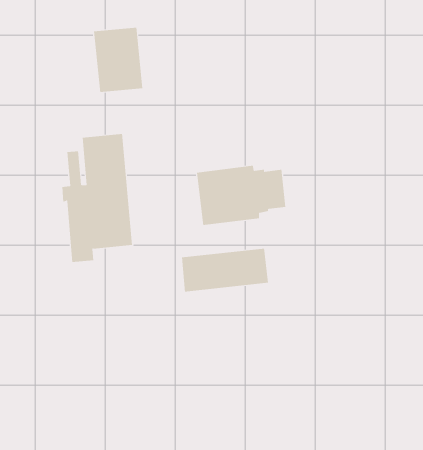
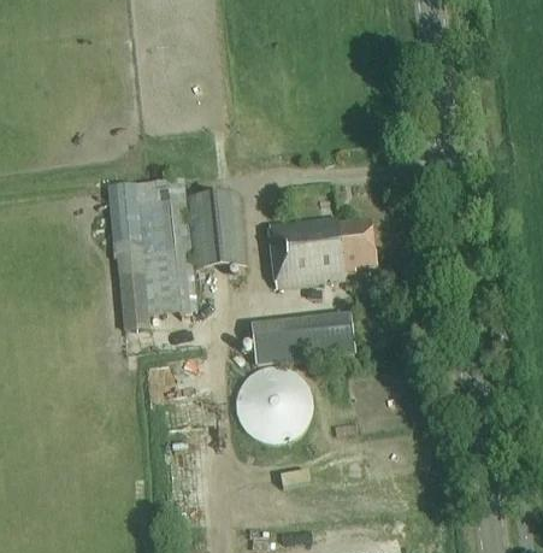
building: [93,27,143,93] -> [185,189,244,266]
building: none -> [235,365,311,441]

